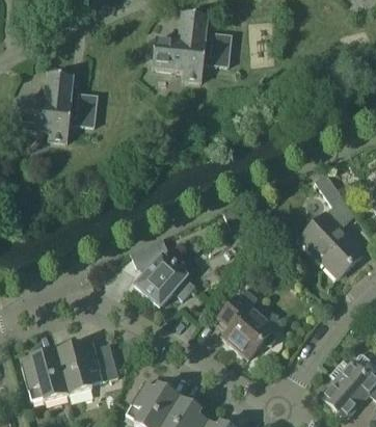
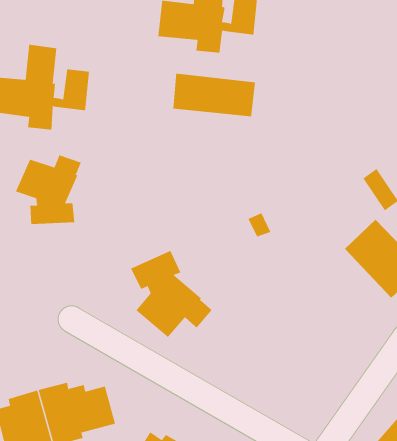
building: none -> [173,73,255,117]
building: none -> [15,155,81,225]
building: [217,287,275,358] -> none

